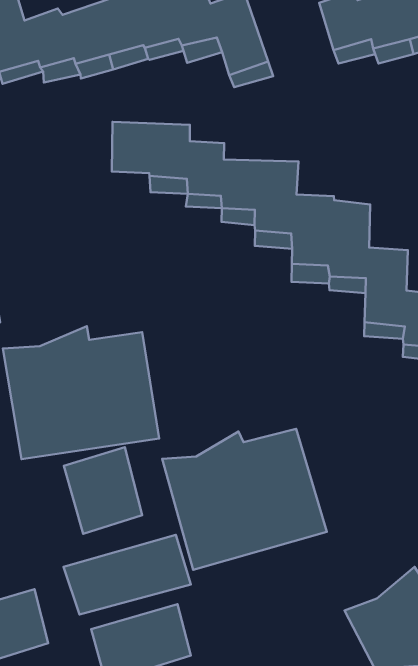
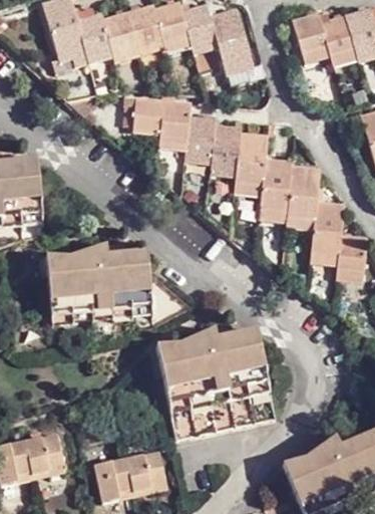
building: [64,447,142,534] -> none
building: [64,535,191,615] -> none

